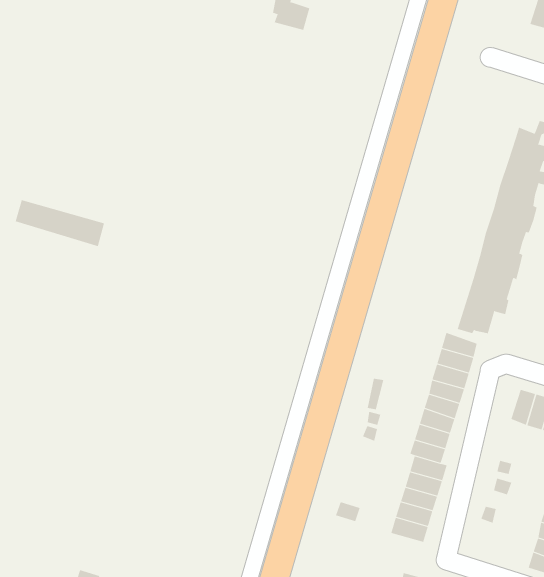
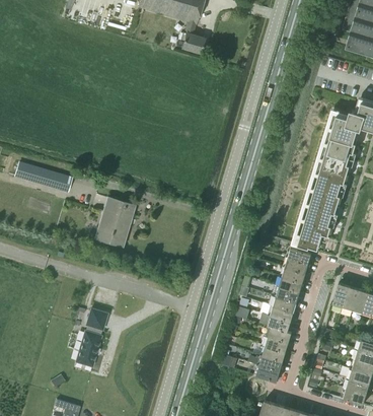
building: none -> [95,197,134,246]
building: none -> [75,308,107,366]

